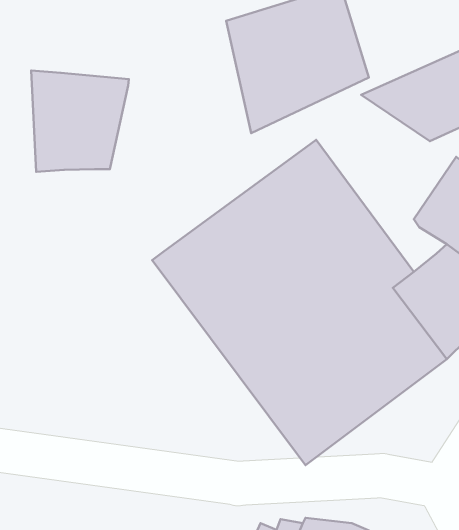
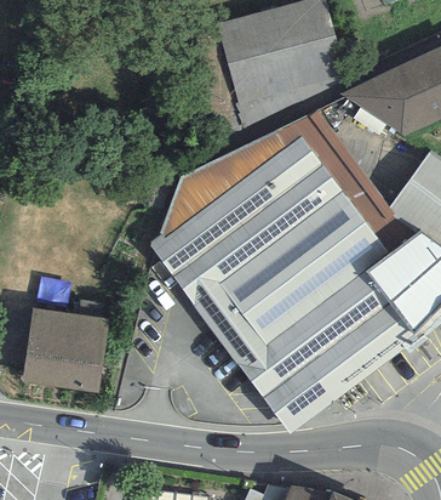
building: [31,70,129,172] -> none
building: none -> [159,112,409,256]
building: none -> [21,308,109,392]

